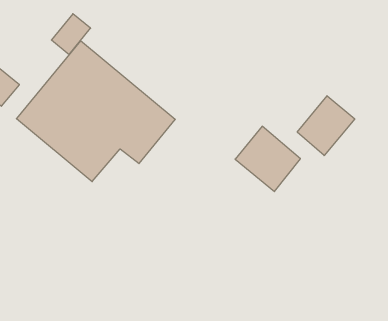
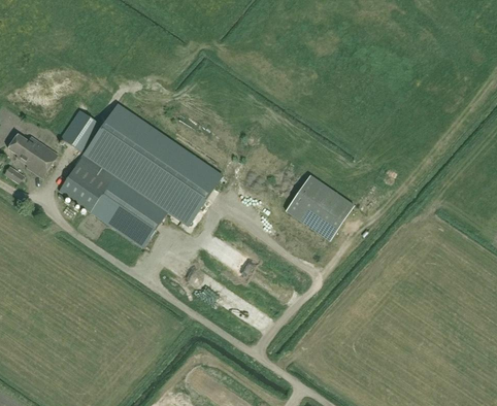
building: [51,14,91,55] -> [60,108,99,150]
building: [297,96,355,156] -> none

